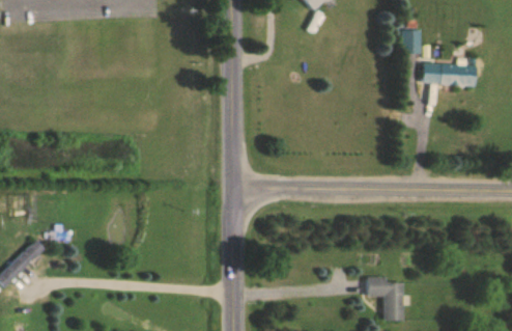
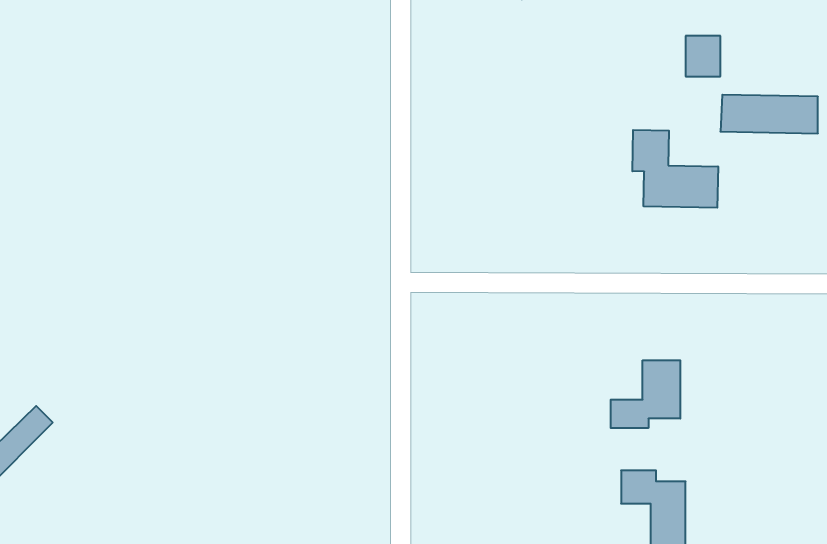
building: none -> [632,130,718,208]
building: none -> [611,360,680,428]

